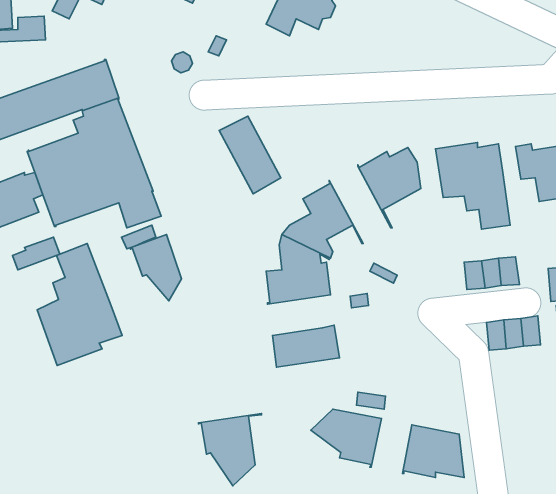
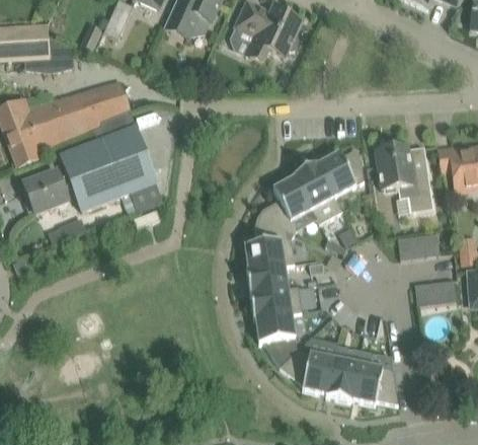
building: [219,116,281,194] -> [294,163,341,223]
building: [130,235,182,301] -> none
building: [37,243,122,365] -> none
building: none -> [246,263,295,294]
building: [199,413,262,486] -> [253,311,302,367]
building: none -> [326,358,357,400]

